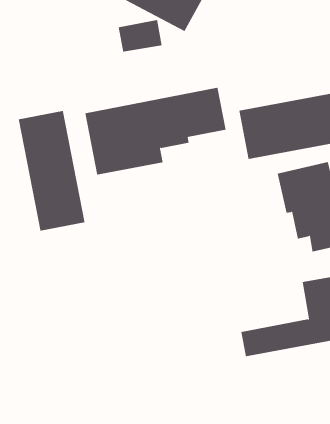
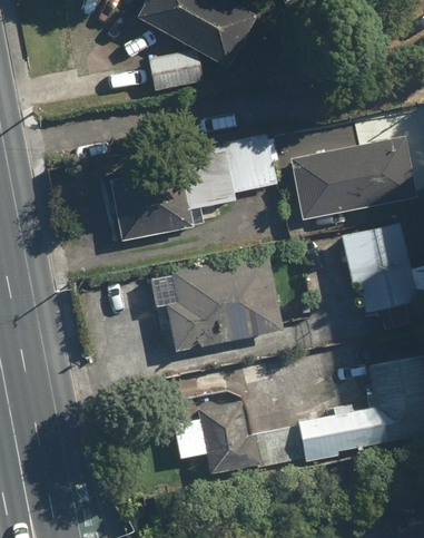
building: [18,110,85,232] -> none
building: none -> [149,252,282,349]
building: none -> [172,403,266,473]

